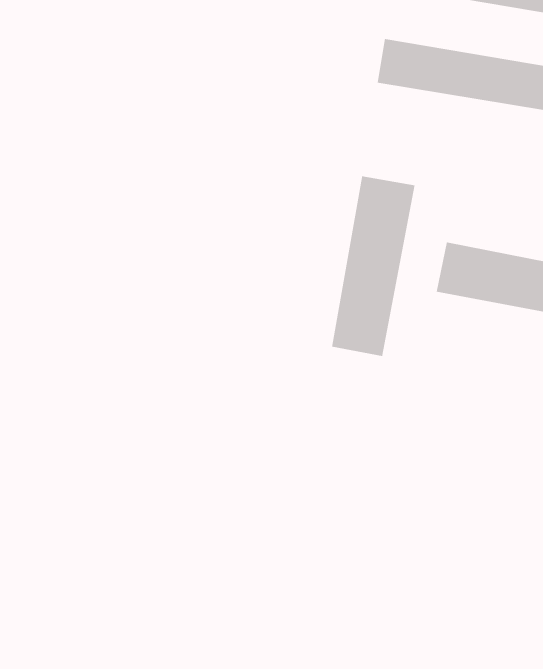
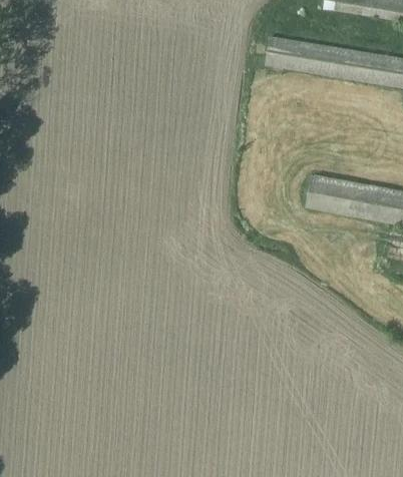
building: [331,175,415,357] -> none

